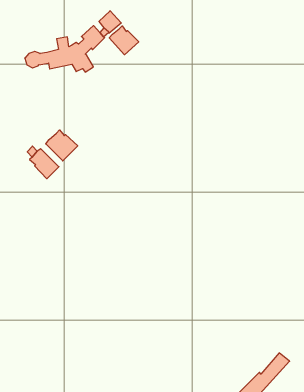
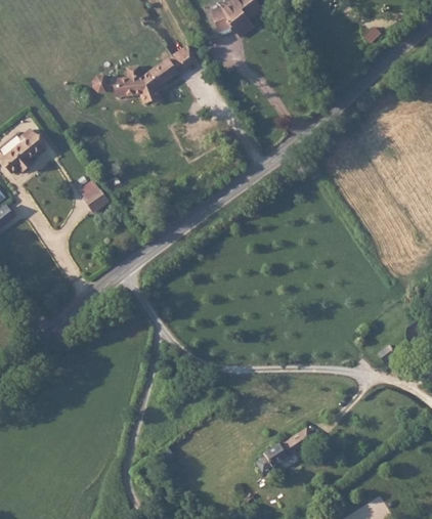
building: [109,26,139,55] -> none
building: [46,130,78,161] -> none

